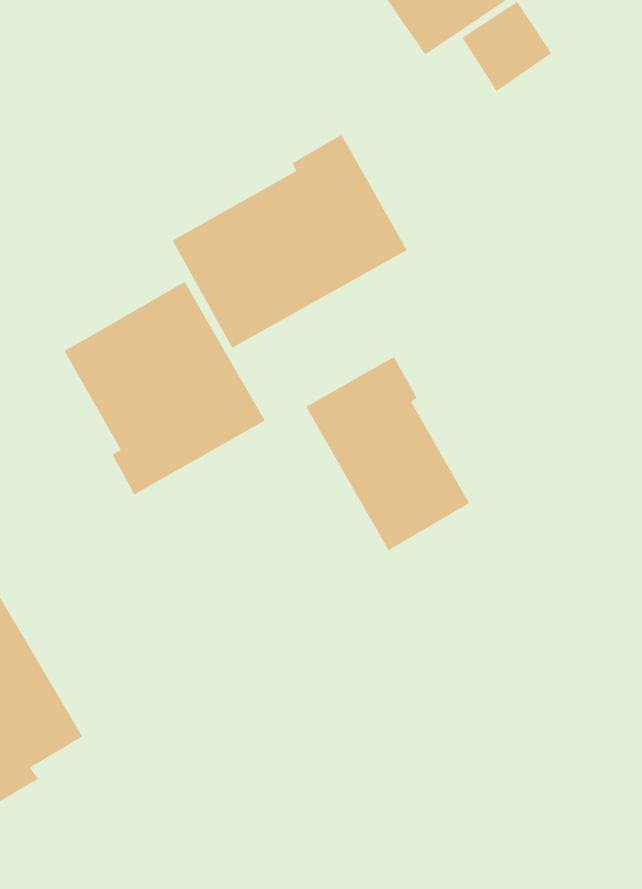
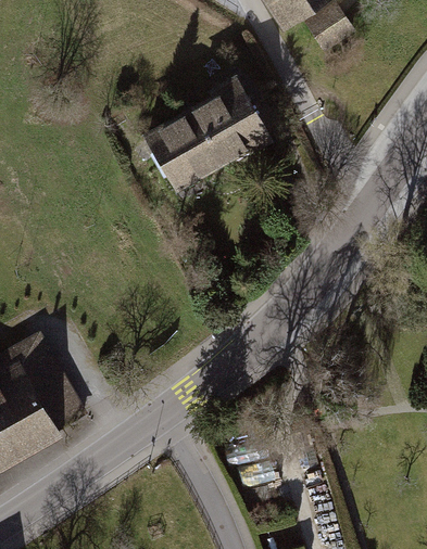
building: [64,281,265,495] -> none
building: [306,356,470,551] -> none

